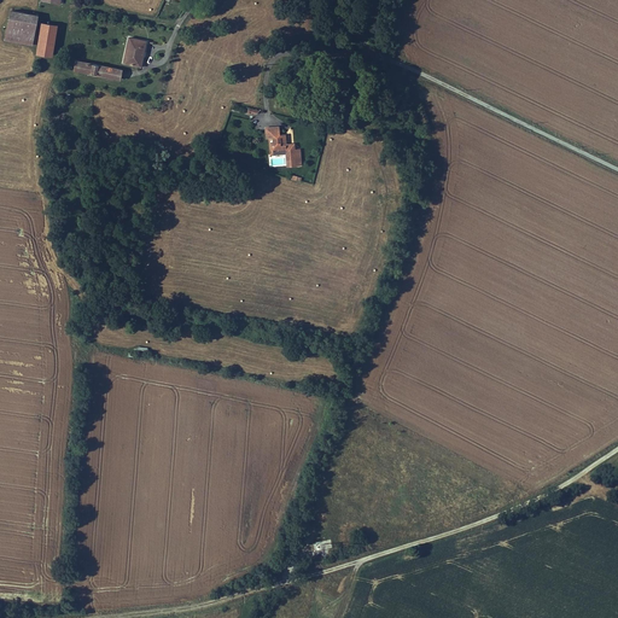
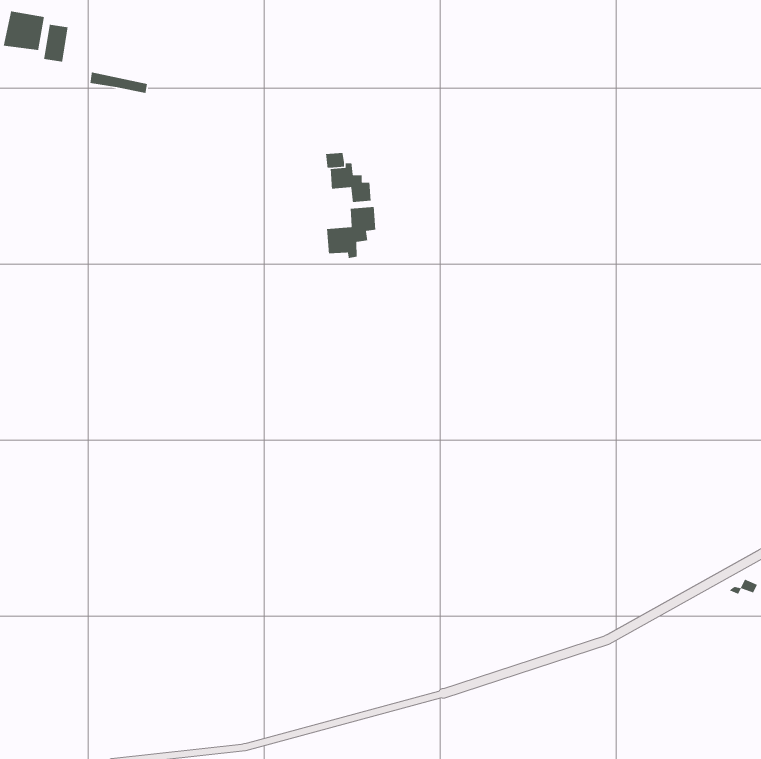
building: [122,36,148,66] -> none
building: none -> [326,206,376,259]

